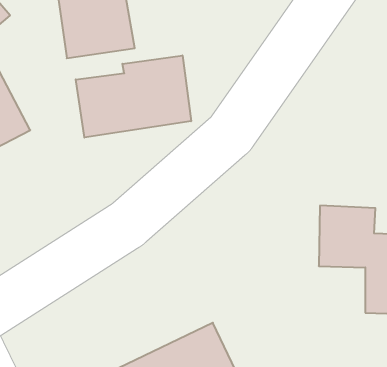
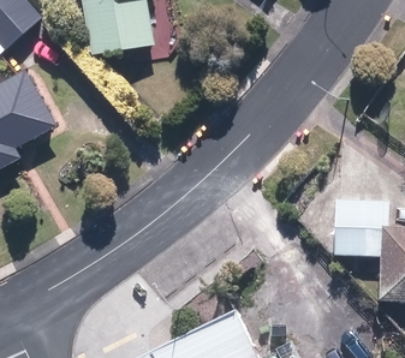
building: [76,55,191,138] -> none

